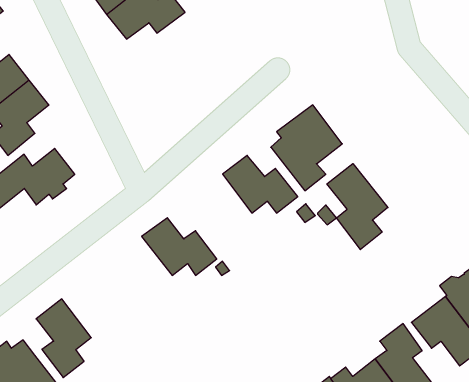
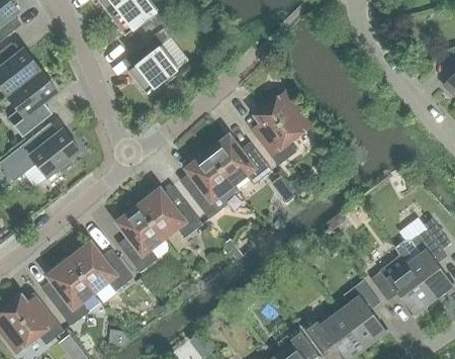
building: none -> [127,27,179,93]
building: [327,164,388,250] -> none
building: none -> [185,151,233,218]
building: none -> [116,204,164,272]
building: none -> [69,242,133,291]

